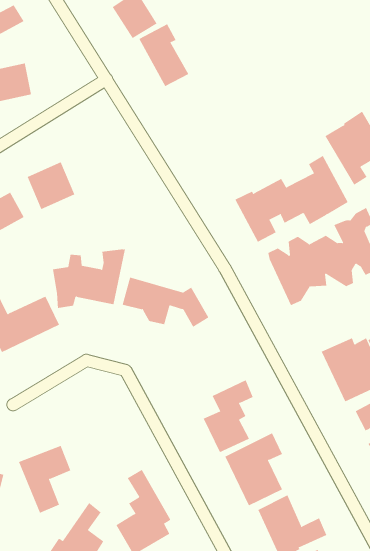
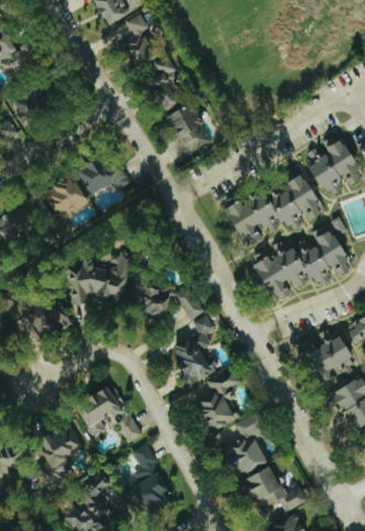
building: none -> [167,103,211,156]
building: none -> [78,154,129,196]
building: none -> [173,314,215,383]
building: none -> [76,386,140,443]

